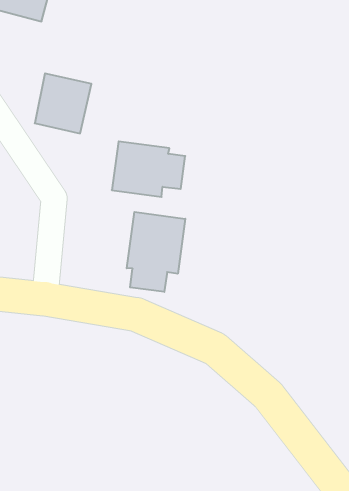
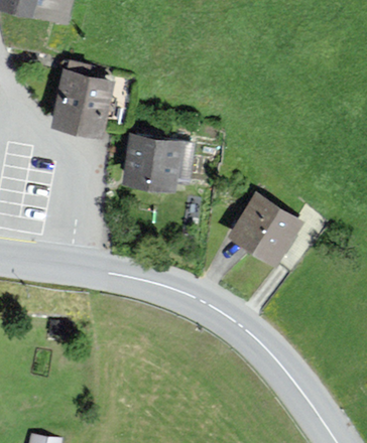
building: [127,212,185,292] -> none
building: none -> [233,195,297,258]

